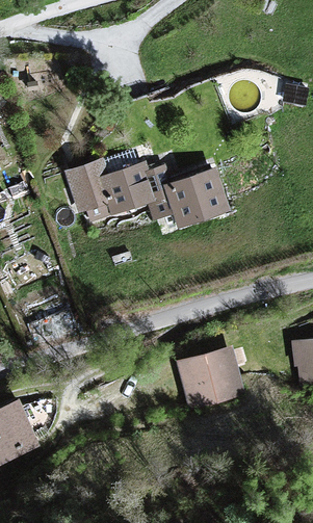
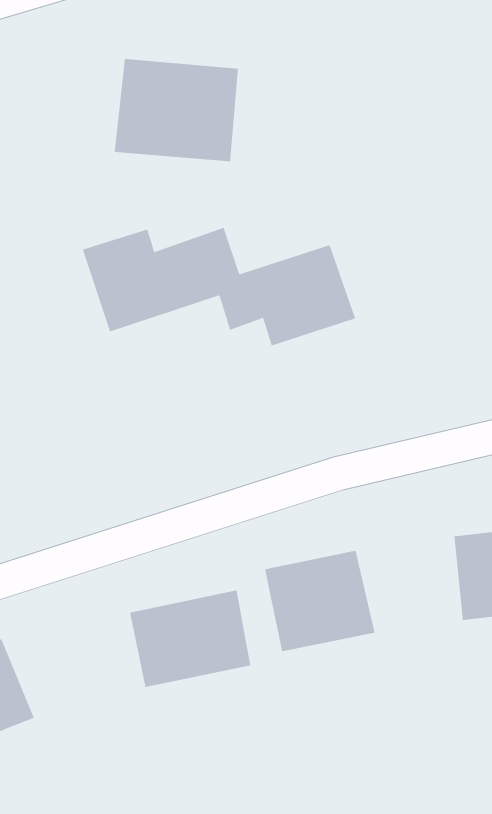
building: none -> [114,58,239,162]
building: none -> [129,589,251,688]

